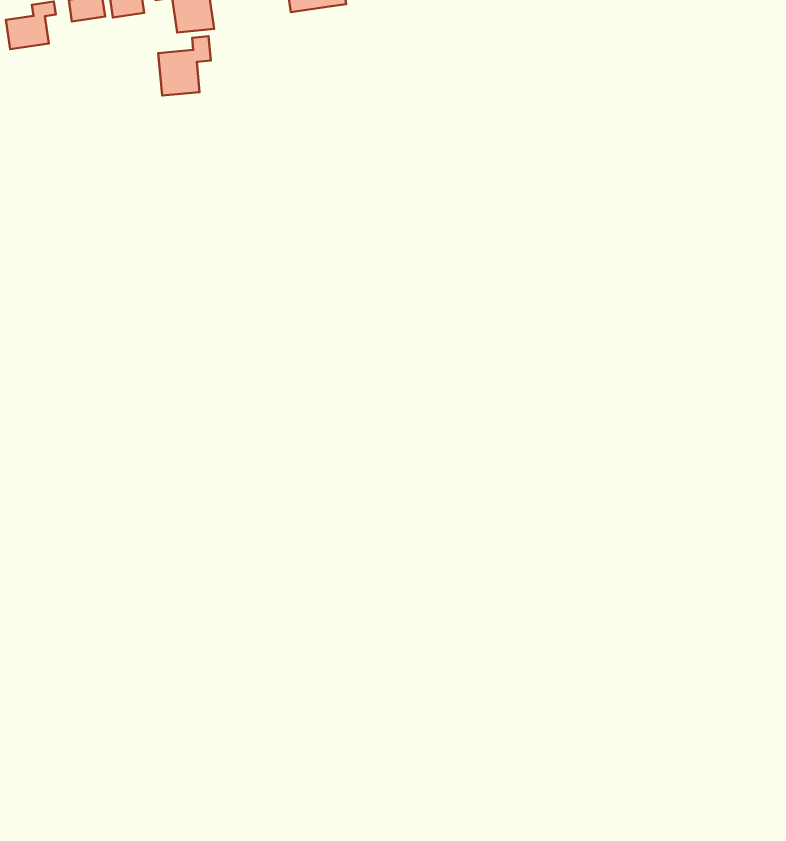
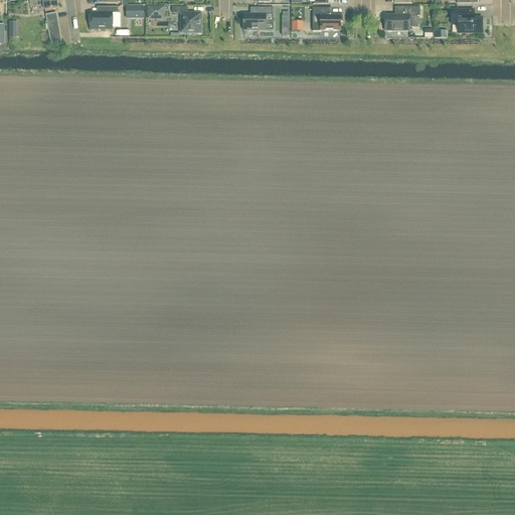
building: [158,36,211,96] -> none

